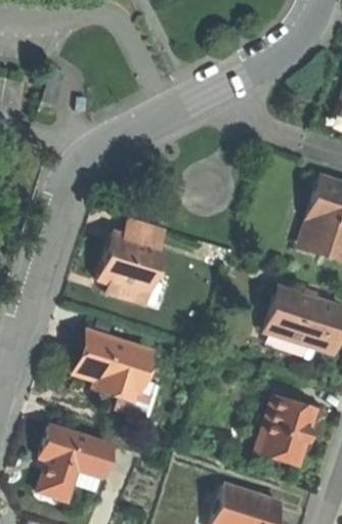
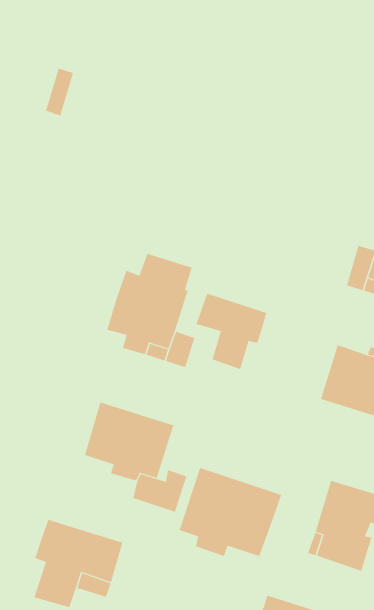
building: none -> [196,293,267,370]
building: none -> [179,467,282,557]

